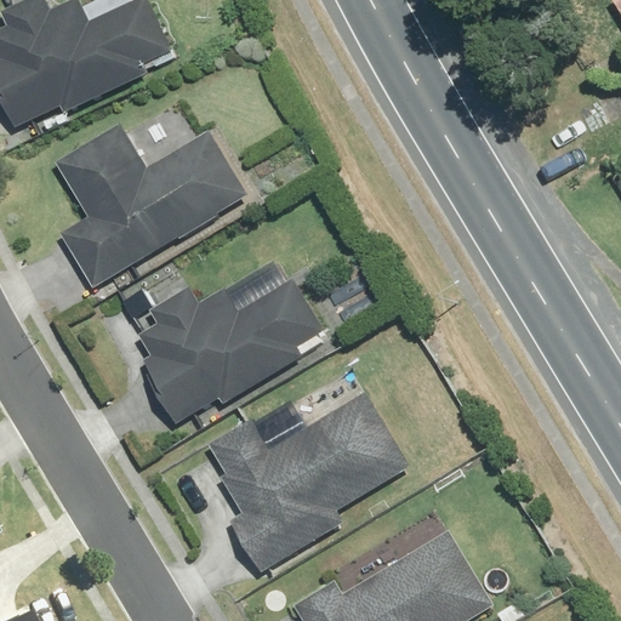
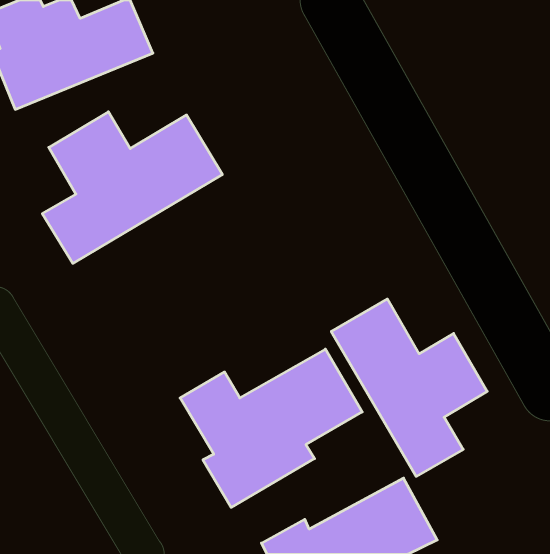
building: [136,272,337,426] -> none
building: none -> [331,299,487,476]

